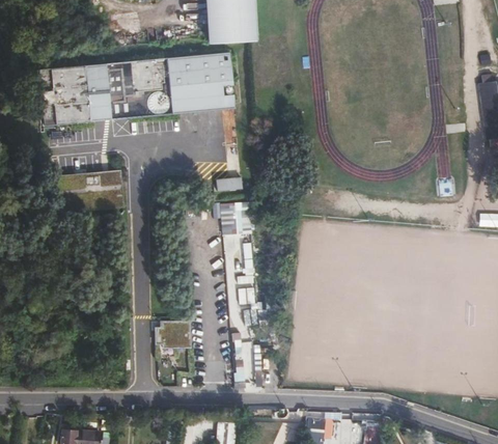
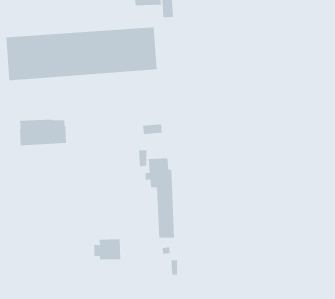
building: [208,23,243,43] -> none

